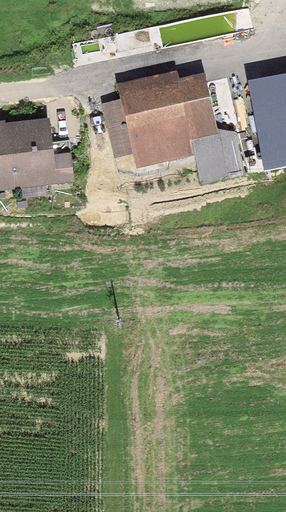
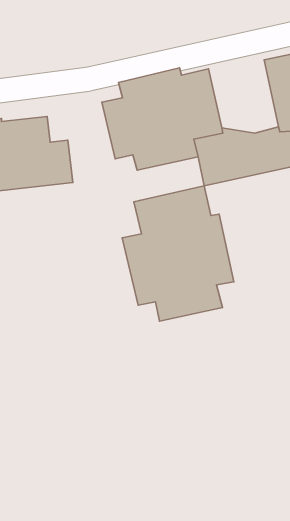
building: none -> [122,186,234,321]

